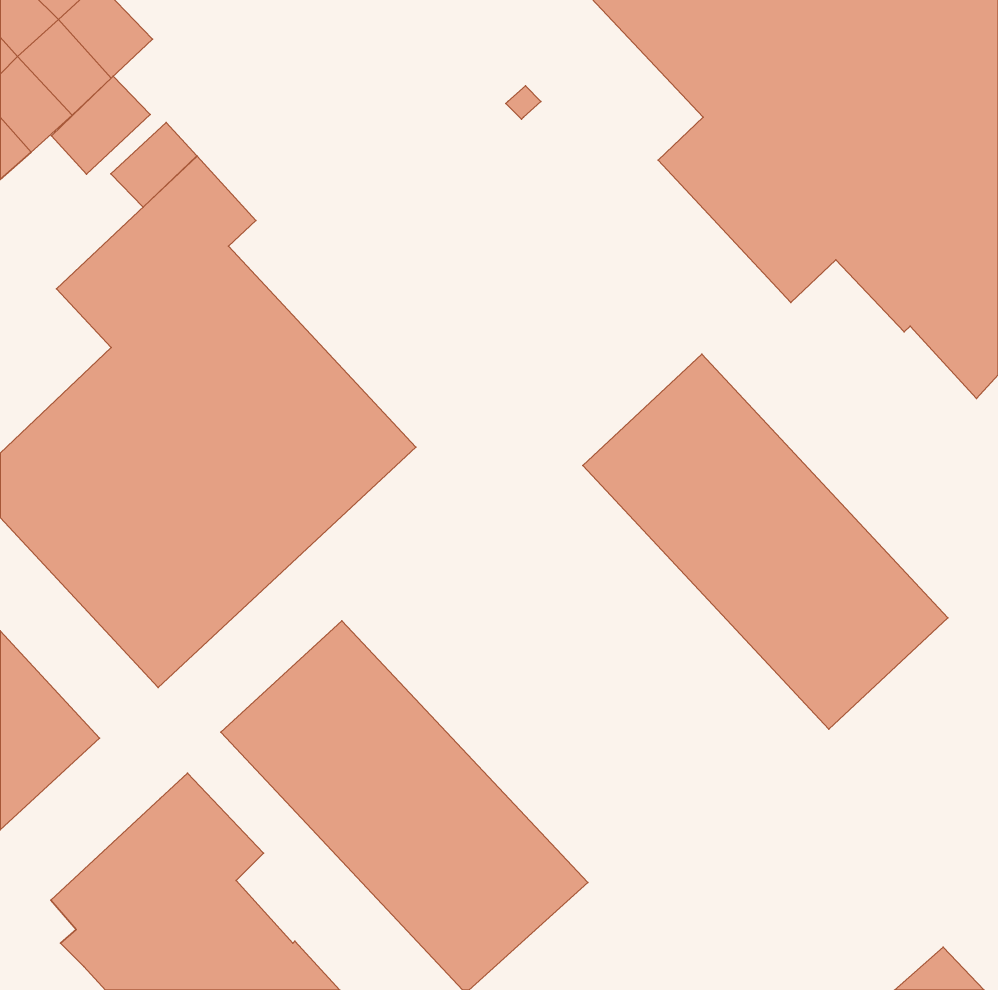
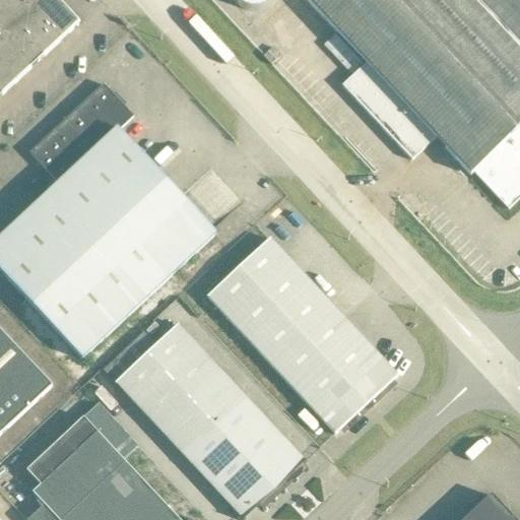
building: [51,76,150,174] -> none
building: [111,122,197,207] -> none
building: [583,354,948,729] -> [207,237,397,432]

